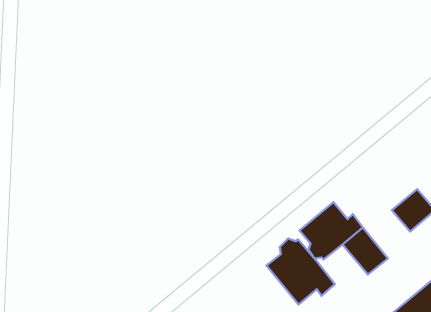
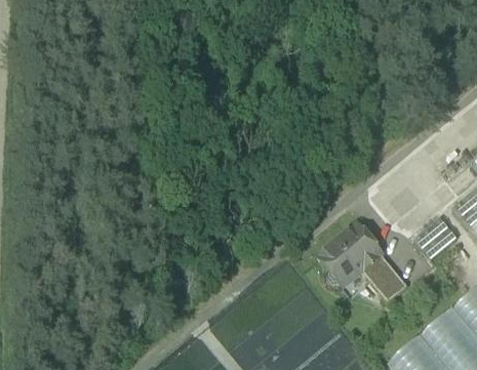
building: [266,239,335,304] -> none

